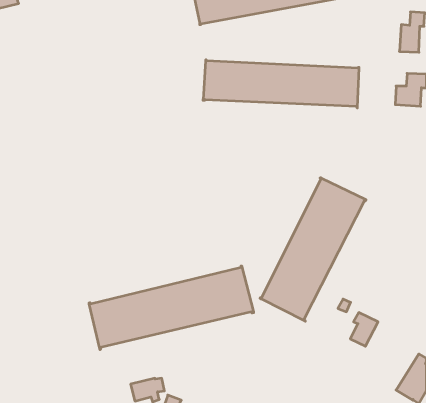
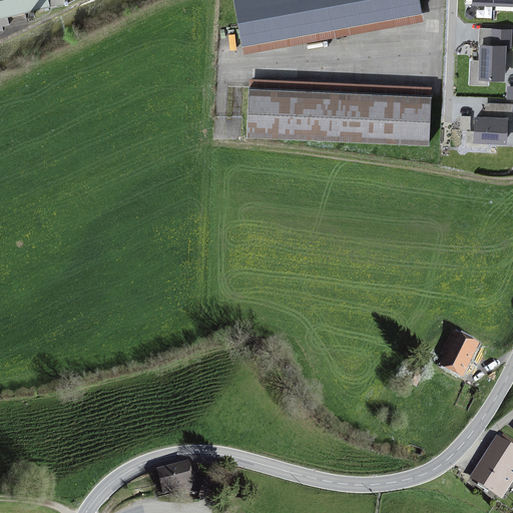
building: [260,178,366,321] -> none
building: [89,266,254,350] -> none
building: [350,313,378,346] -> [443,335,476,375]

